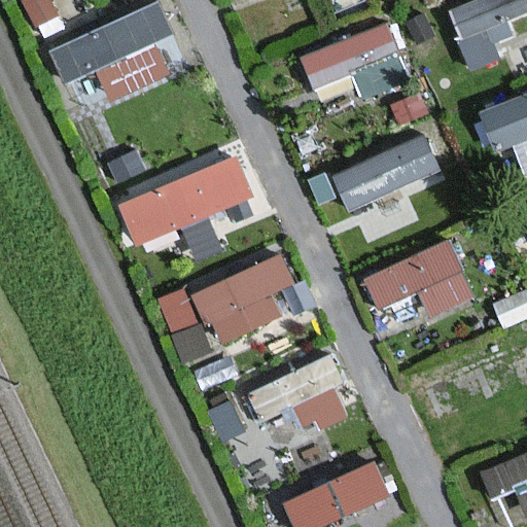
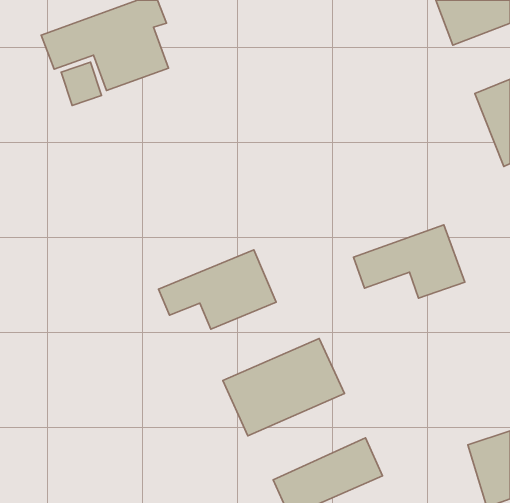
building: [300,21,412,95] -> none
building: [333,133,443,212] -> none
building: [117,157,255,240] -> none

